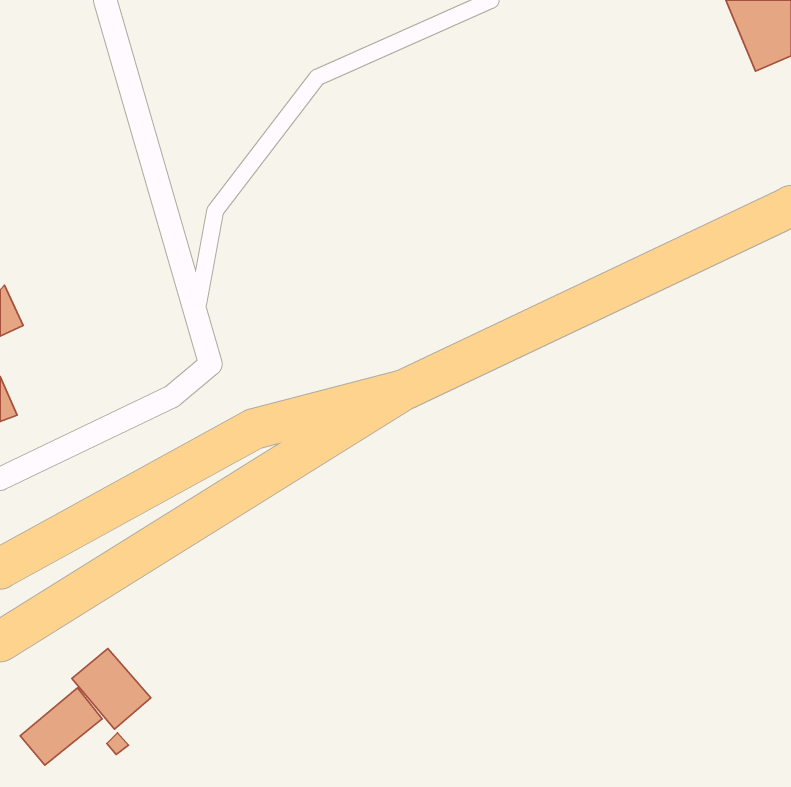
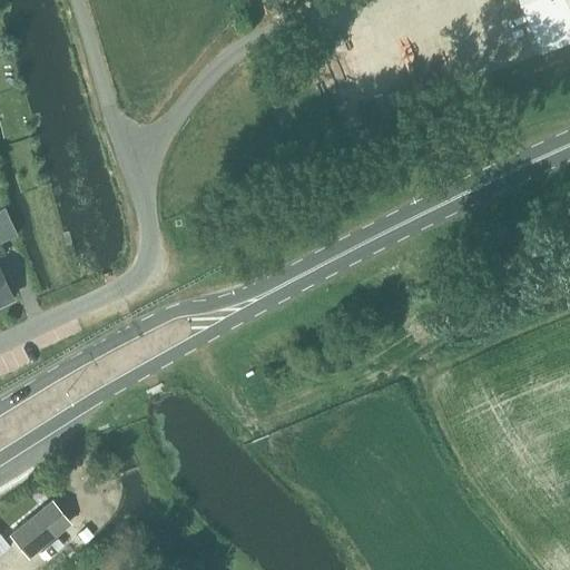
building: [72,649,151,729] -> none

